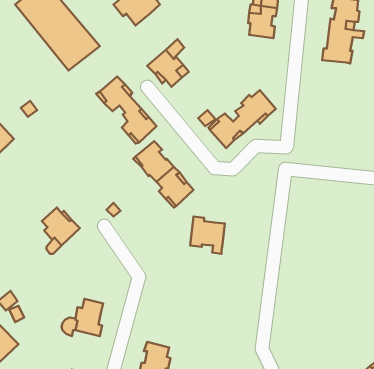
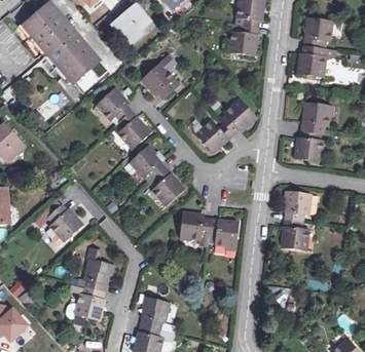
building: none -> [294,102,333,160]
building: none -> [282,191,309,248]
building: none -> [209,219,239,249]
building: none -> [84,246,113,289]
building: none -> [142,296,167,328]

